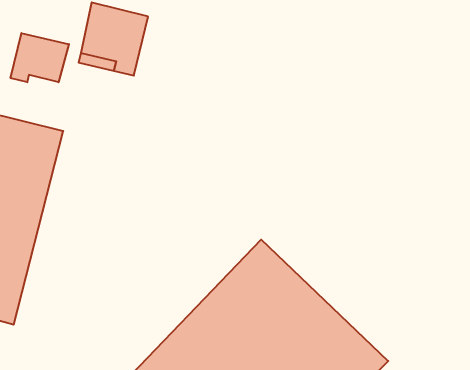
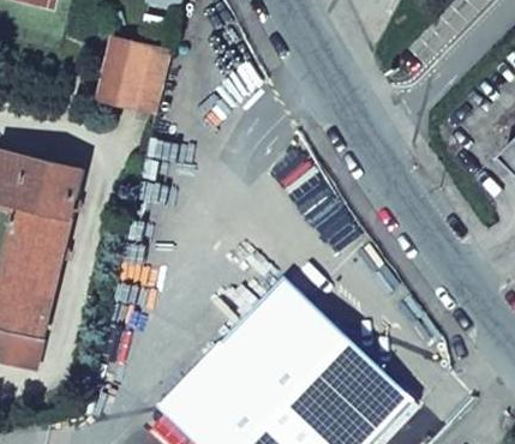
building: [11,33,69,82] -> none

